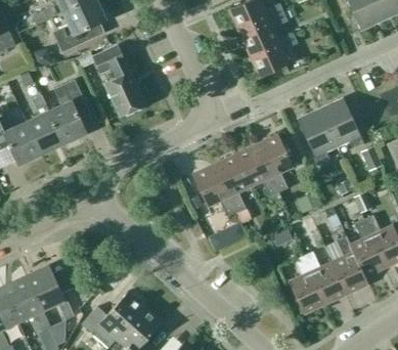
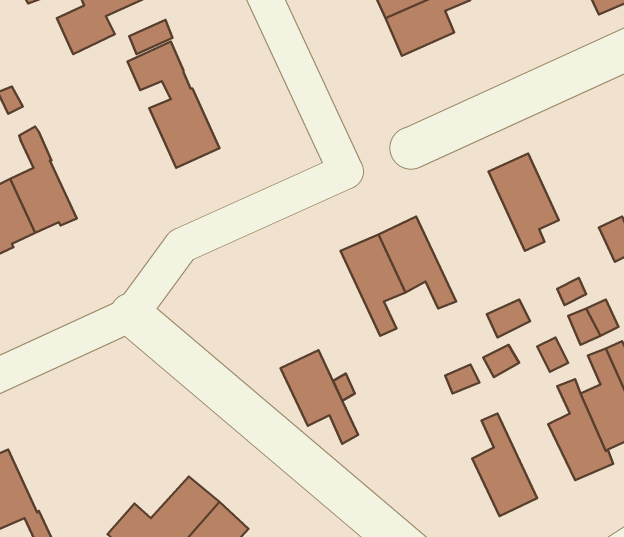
building: [249,34,298,77] -> none
building: [49,79,91,145] -> none
building: [320,98,363,147] -> none
building: [257,134,294,192] -> none
building: [192,164,236,217] -> [281,350,358,444]
building: [303,252,347,304] -> none
building: [26,265,74,319] -> none

